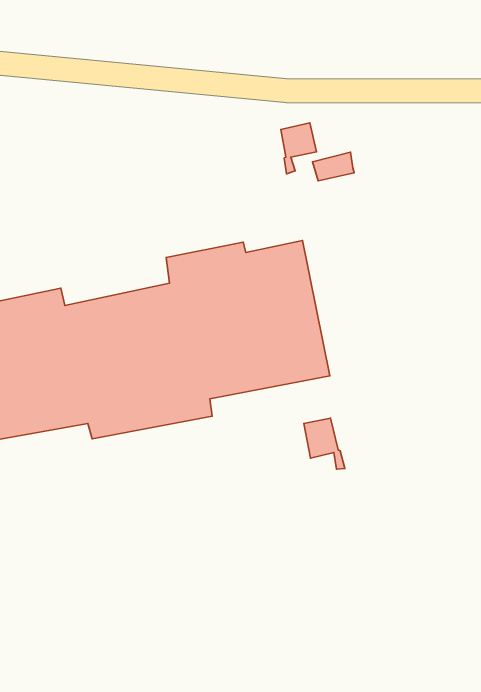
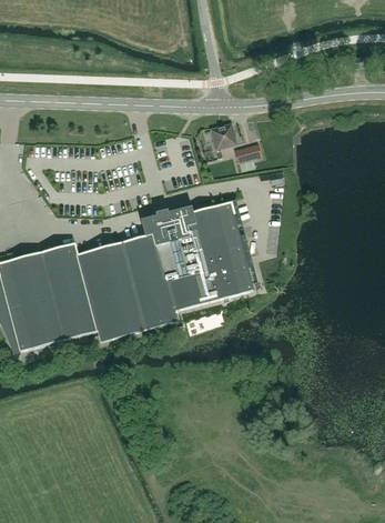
building: [304,418,345,469] -> none

